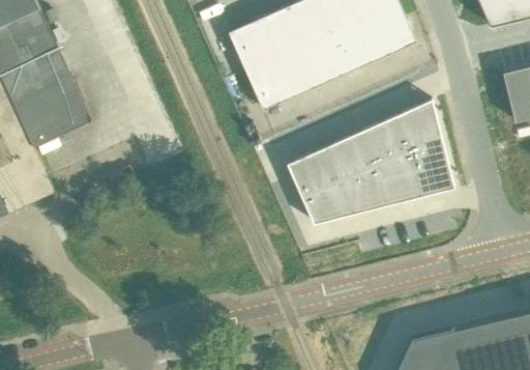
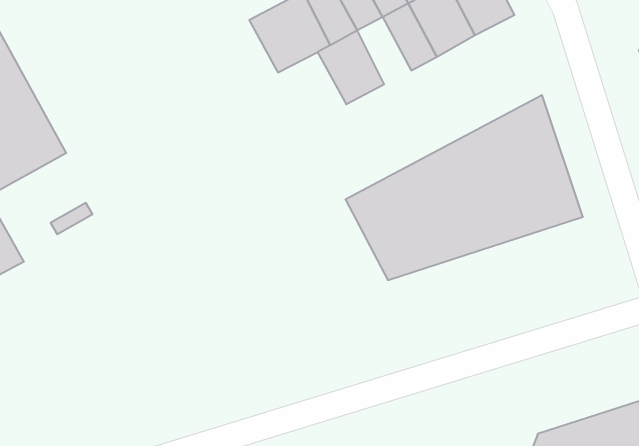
building: [304,36,341,84] -> none
building: [246,58,293,110] -> none

